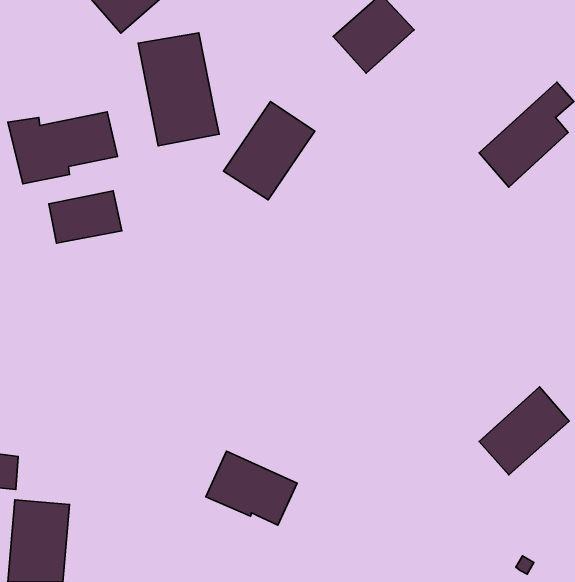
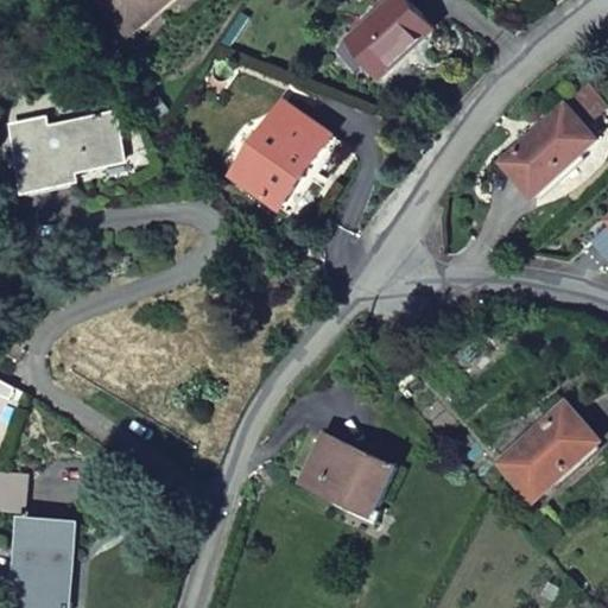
building: [138,33,219,146] -> none
building: [49,191,122,243] -> none
building: [206,451,297,525] -> [298,431,393,508]

